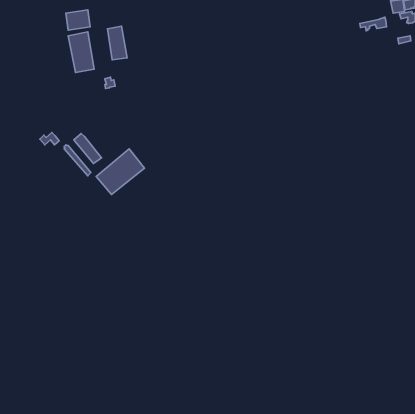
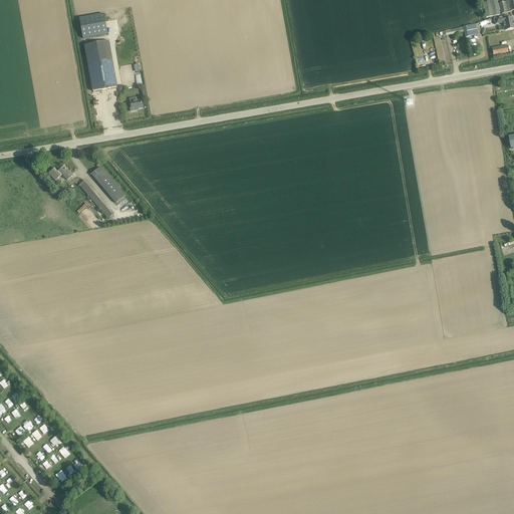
building: [108,26,127,60] -> none
building: [96,149,144,194] -> none

